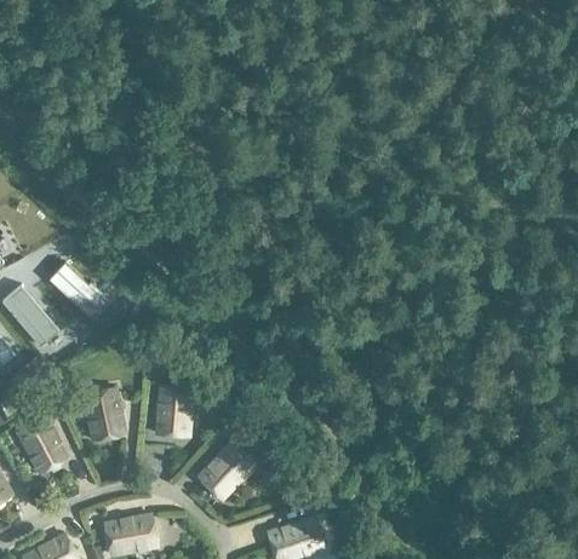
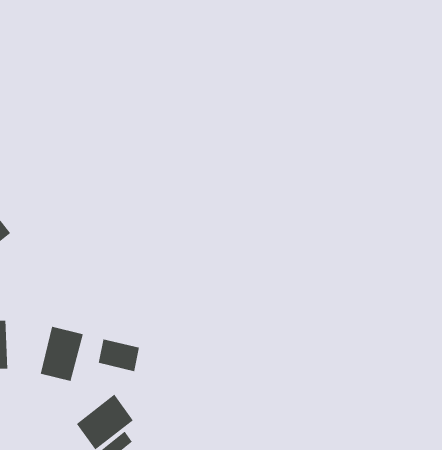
building: none -> [98,338,140,372]

